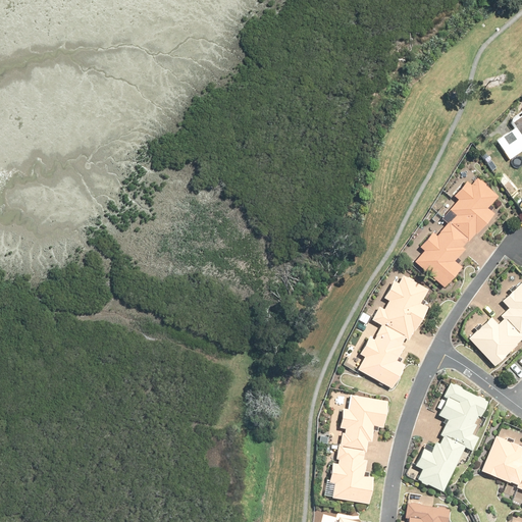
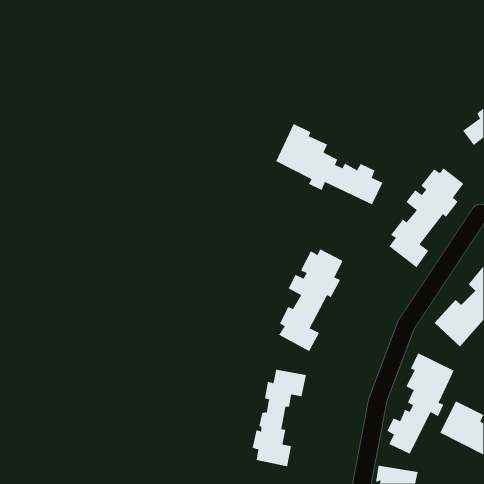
building: none -> [275,123,383,205]
building: [357,275,427,386] -> [278,249,344,352]
building: [330,396,389,501] -> [252,369,307,467]

